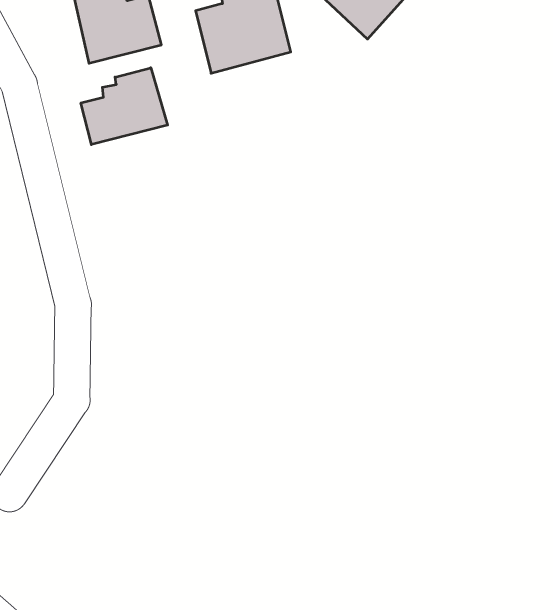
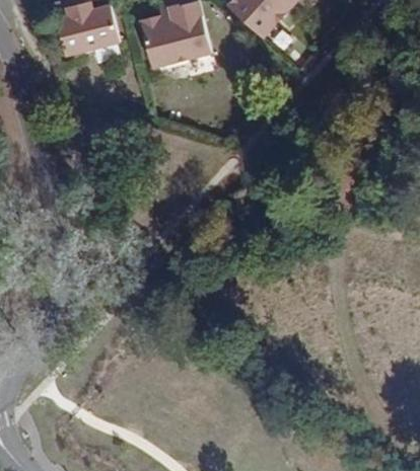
building: [81,68,168,145] -> none

